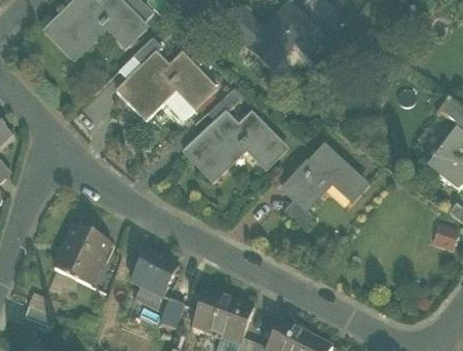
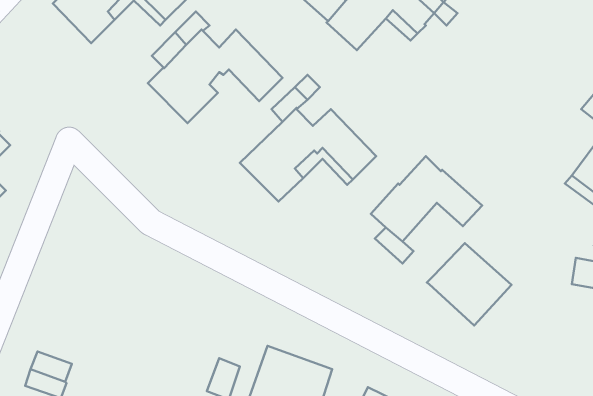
building: none -> [427,243,511,325]
building: [56,225,110,284] -> none
building: [131,248,179,296] -> none

